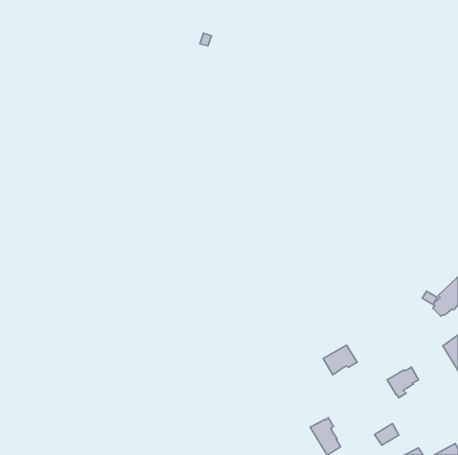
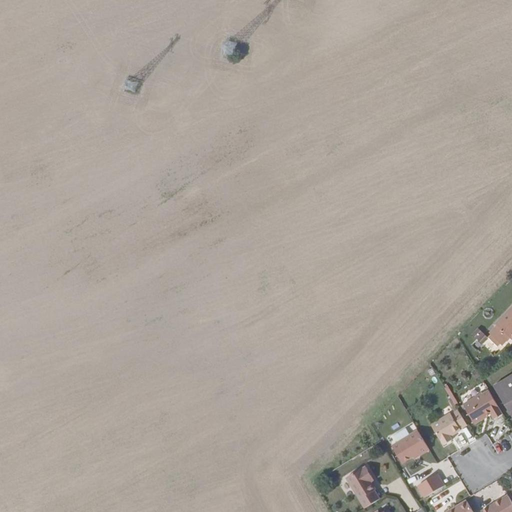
building: [323,345,357,375] -> [392,430,430,463]
building: none -> [464,390,499,423]

